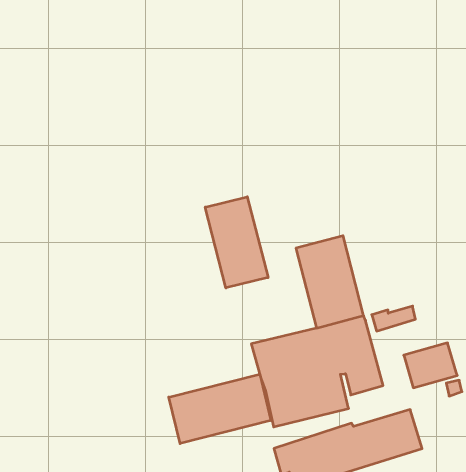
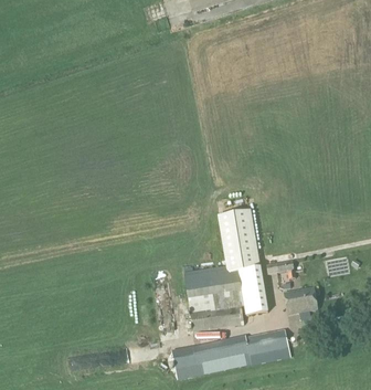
building: [205,197,268,288] -> none
building: [169,374,271,444] -> none

